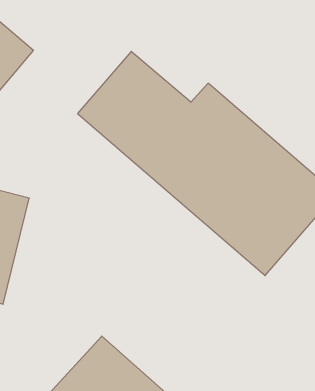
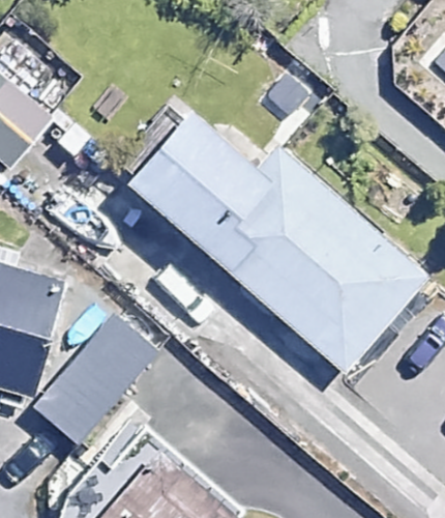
building: none -> [34,313,164,443]

